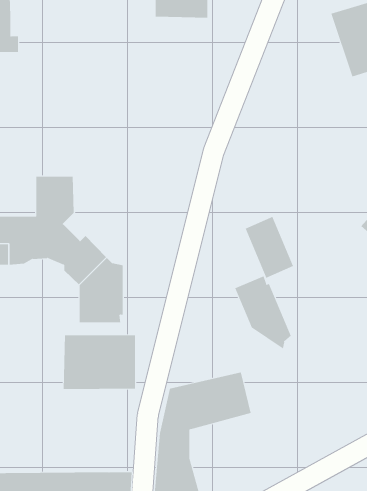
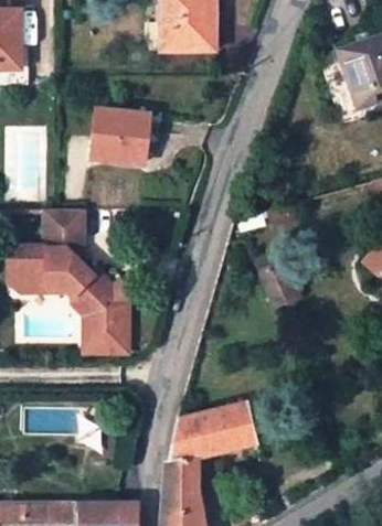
building: none -> [93,110,147,163]
building: [235,275,291,349] -> none
building: [63,335,136,390] -> none

